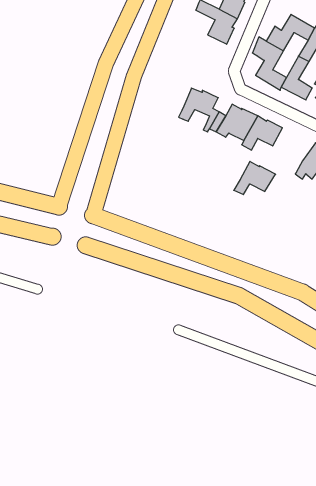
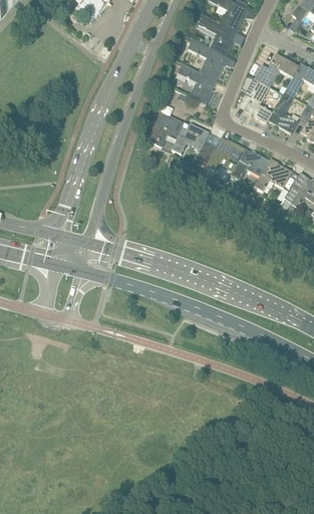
building: none -> [177,62,217,104]
building: none -> [147,109,184,146]
building: [234,161,276,195] -> [254,159,293,190]

